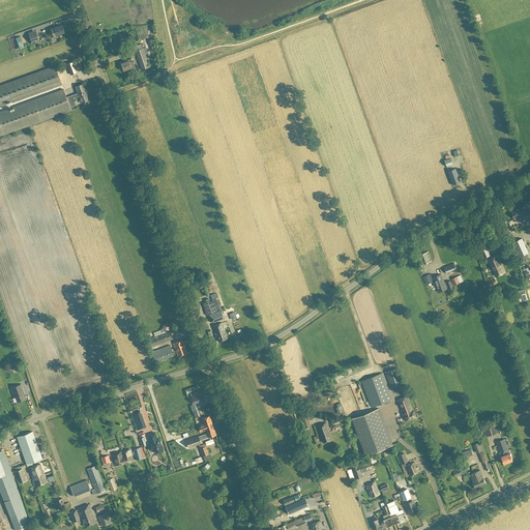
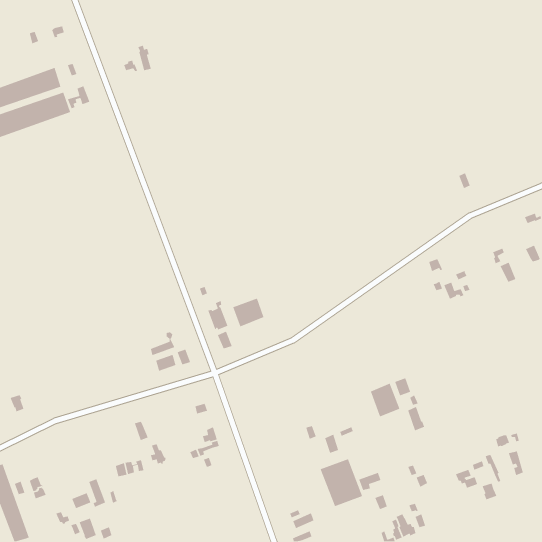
building: none -> [232,297,265,328]
building: [349,408,391,455] -> [320,458,363,507]
building: [16,432,40,464] -> none

